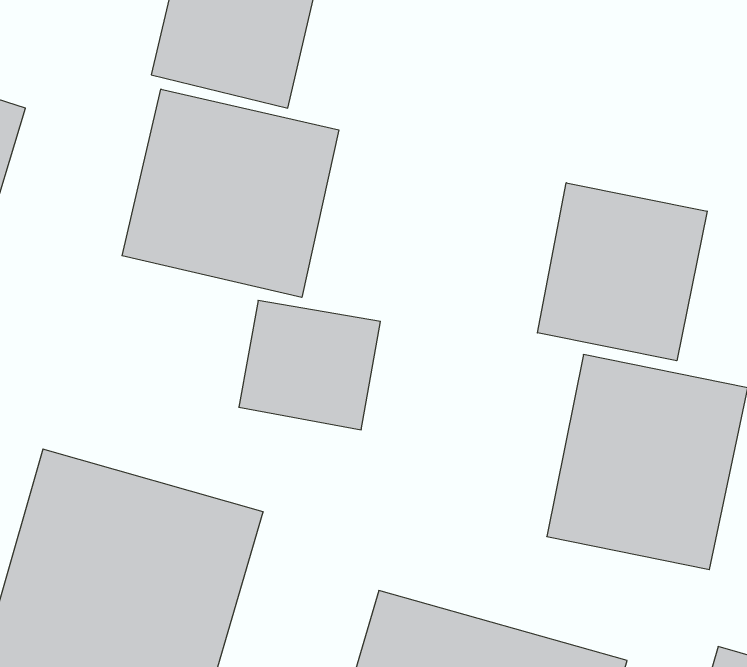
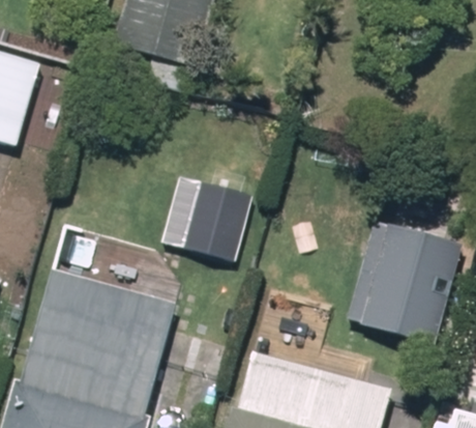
building: [122,89,339,297] -> none
building: [537,183,707,361] -> none

